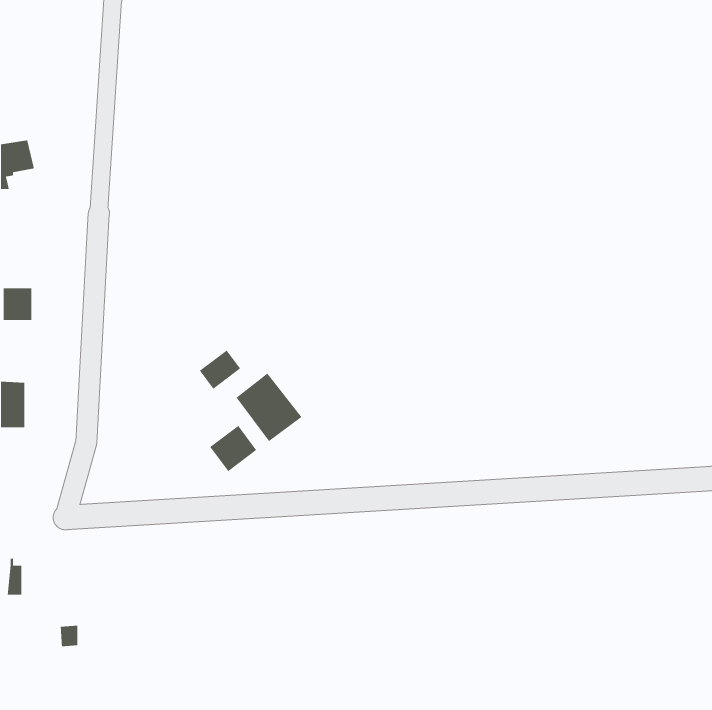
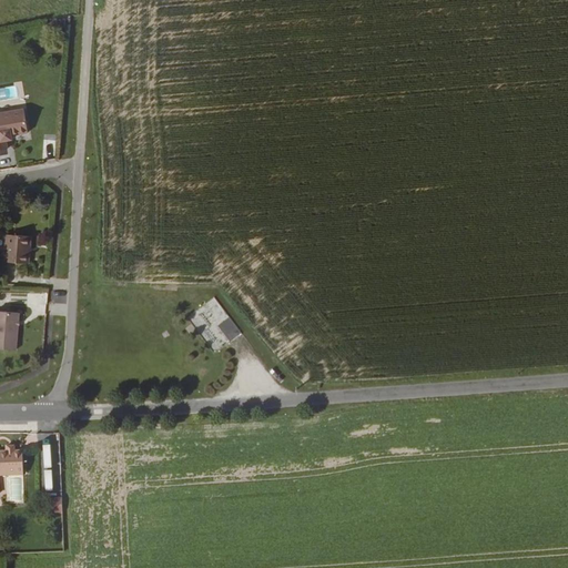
building: [199,349,241,390] -> none
building: [209,425,257,472] -> none

